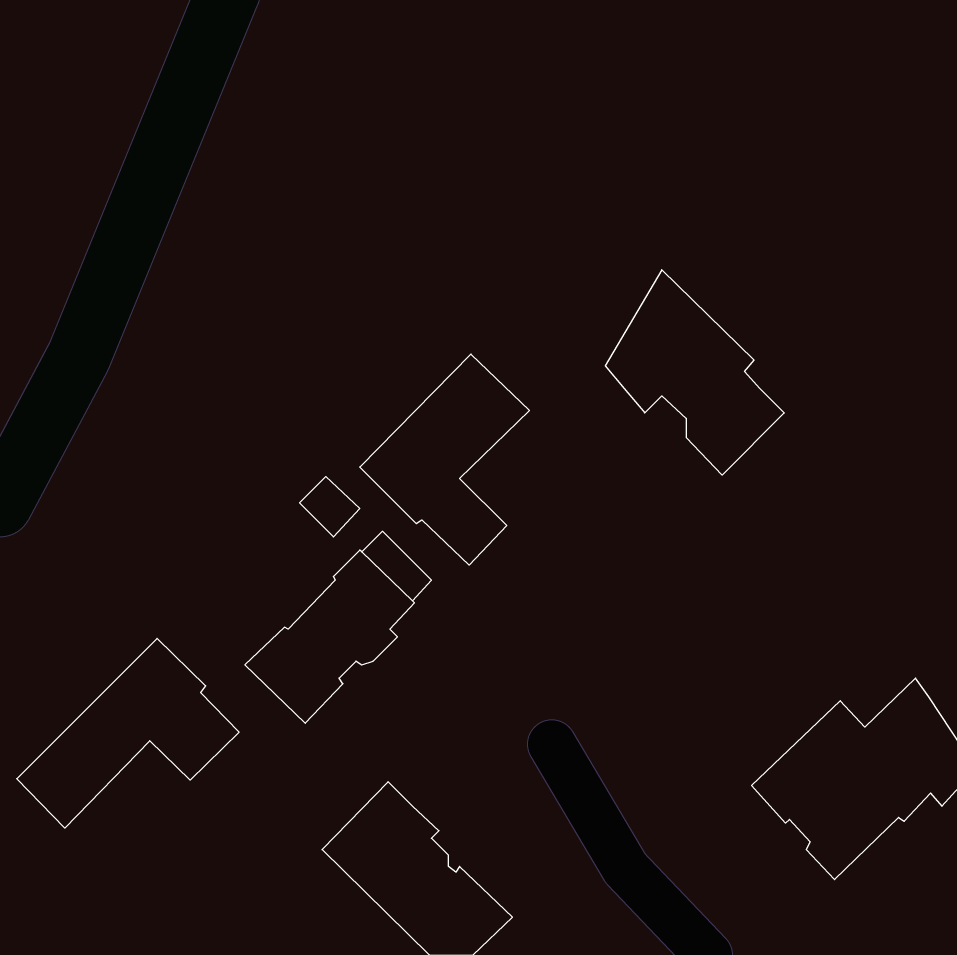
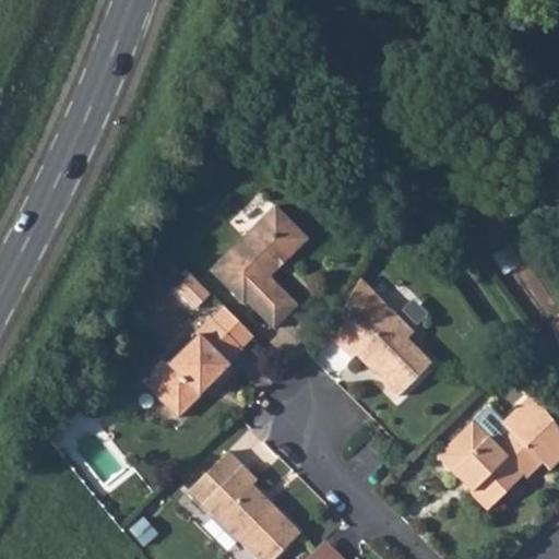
building: [605,270,784,475] -> [329,276,432,395]
building: [17,638,239,828] -> none

